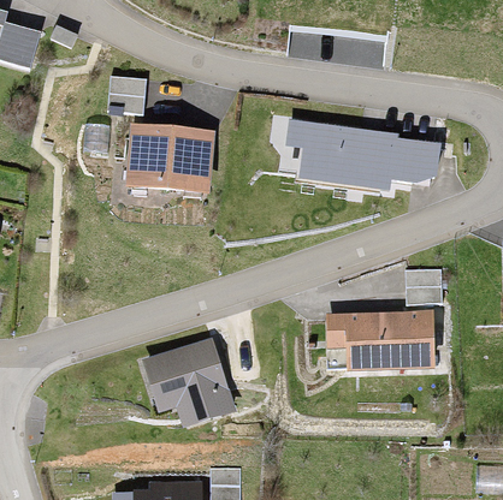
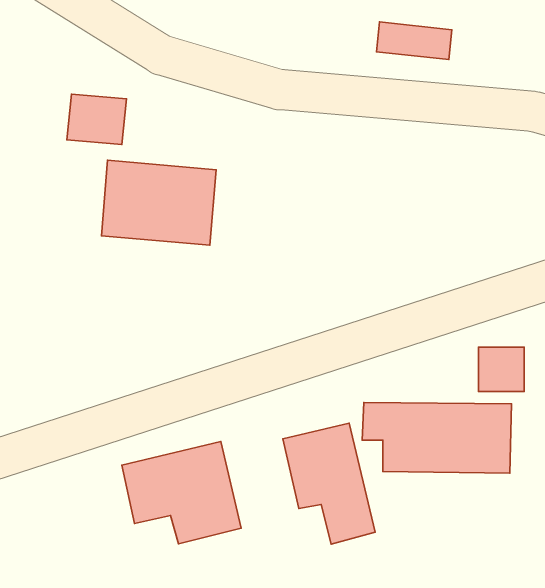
building: [276,117,445,190] -> none
building: none -> [283,423,375,544]

